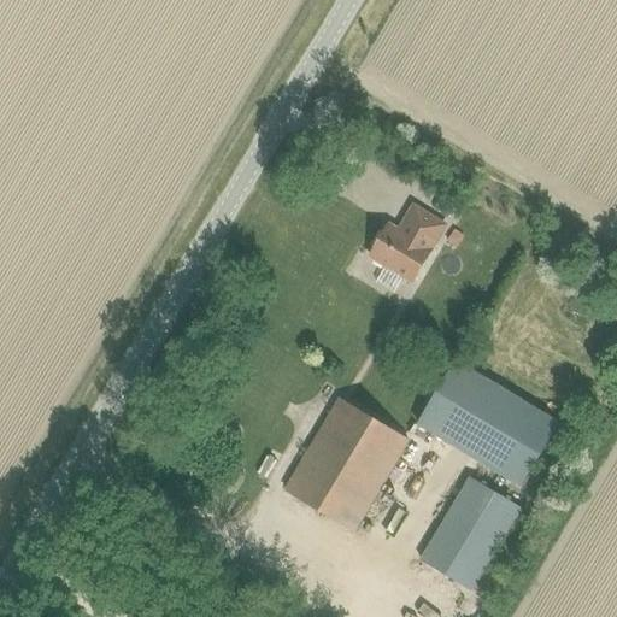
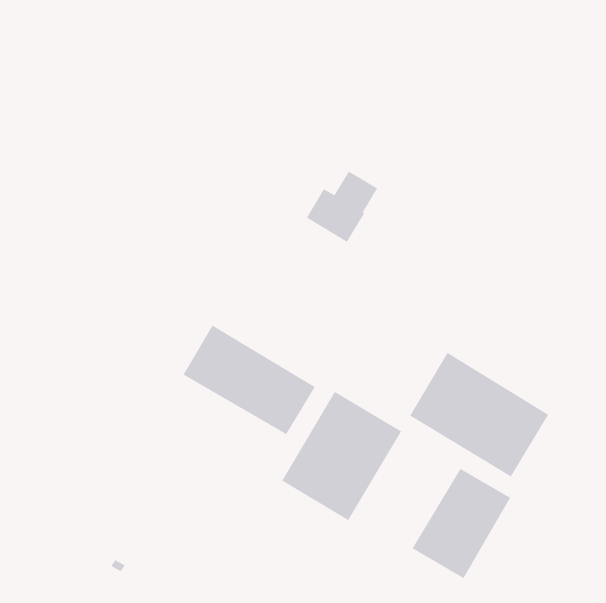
building: [370,206,443,280] -> [306,171,378,243]
building: none -> [183,325,316,435]

